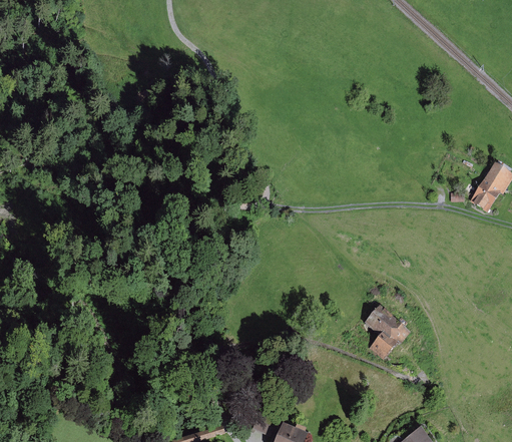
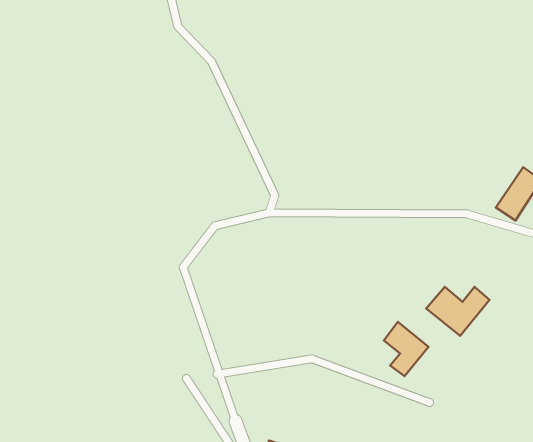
building: none -> [426,287,490,336]

